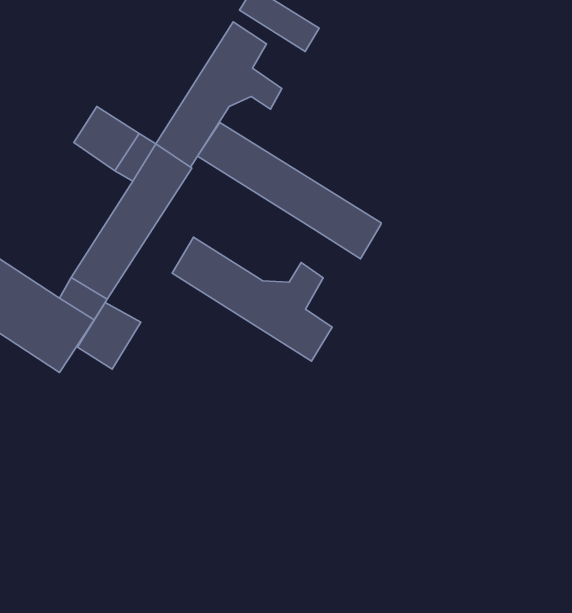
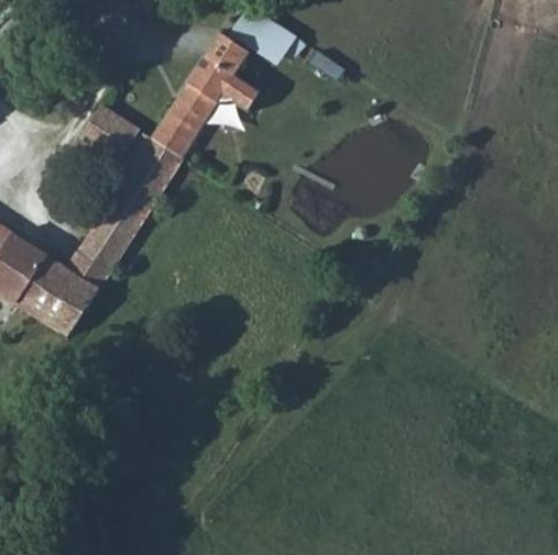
building: [198,123,381,259] -> none
building: [172,237,332,361] -> none
building: [78,302,141,369] -> none

